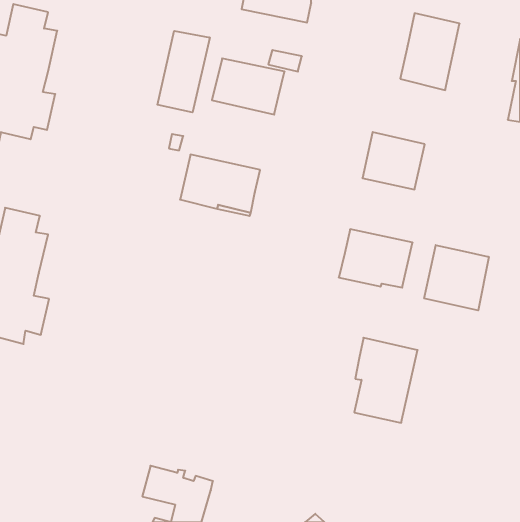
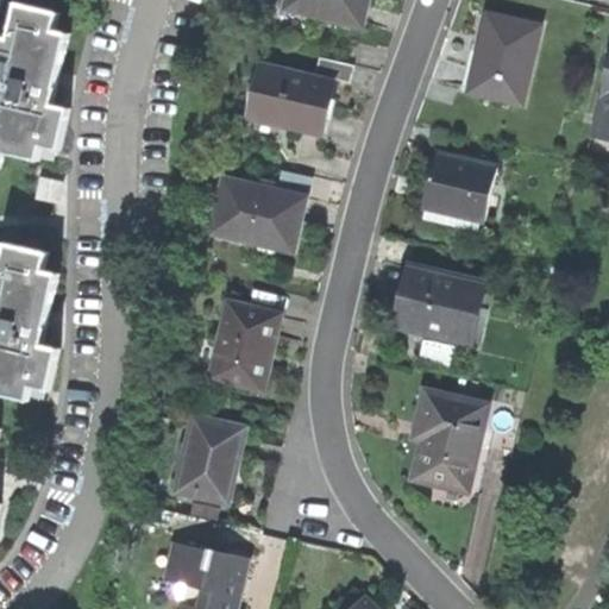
building: [157,31,210,112] -> none
building: [424,245,489,310] -> none
building: none -> [209,304,278,390]
building: none -> [176,417,243,502]

